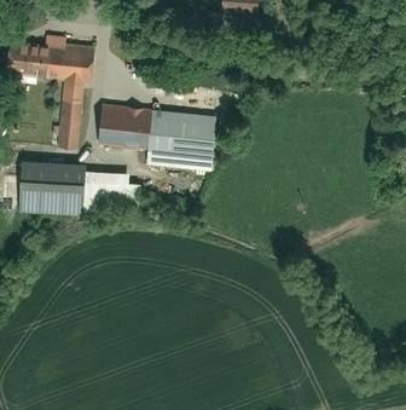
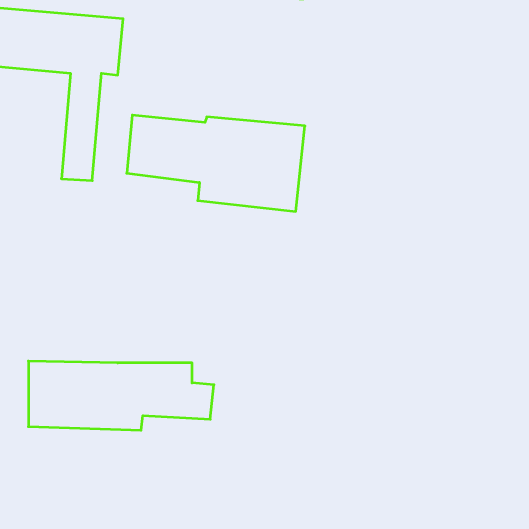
building: [23,168,146,214] -> [28,361,214,430]

